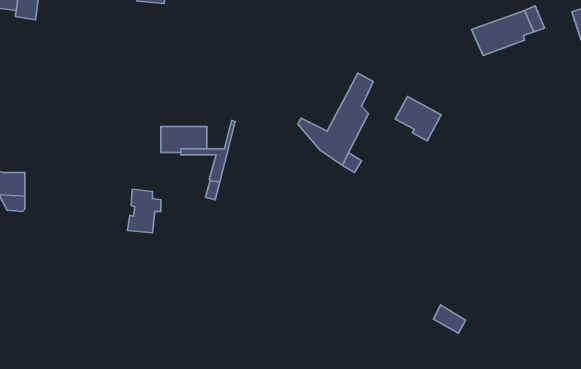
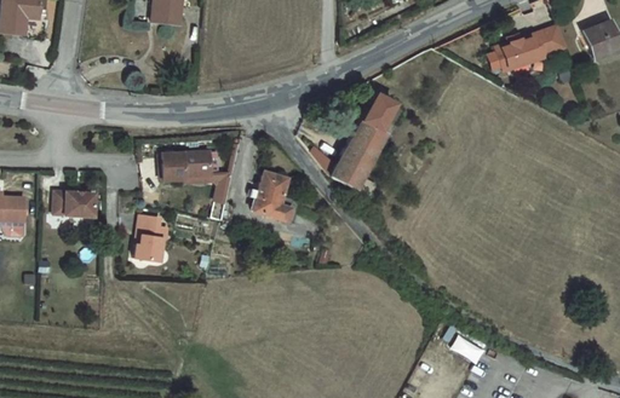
building: [395,97,441,141] -> none
building: none -> [252,175,293,224]
building: none -> [56,194,96,218]

